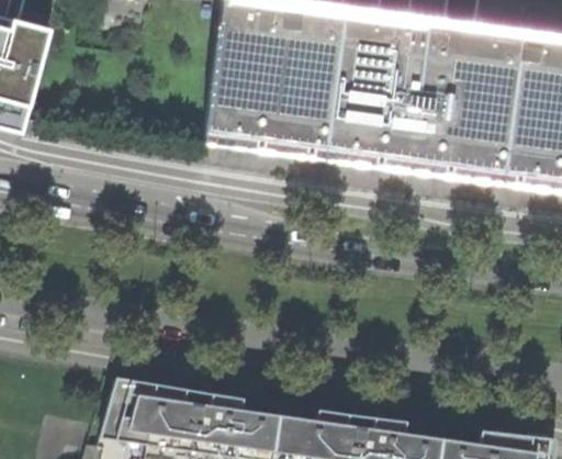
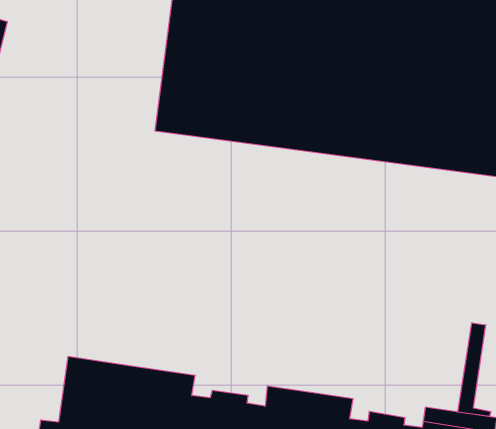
building: none -> [458,323,491,416]

